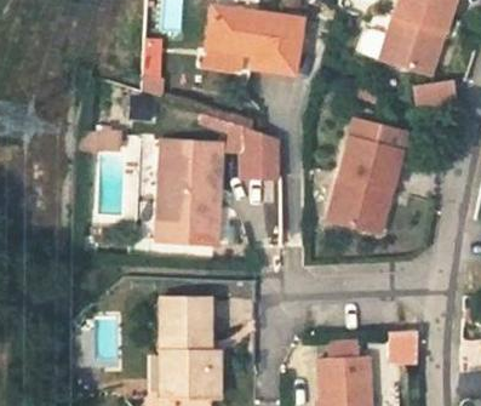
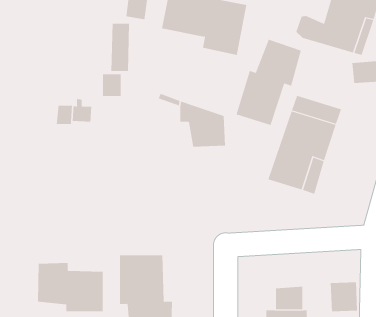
building: none -> [236,39,302,126]
building: [162,142,218,242] -> none
building: none -> [37,262,103,312]

